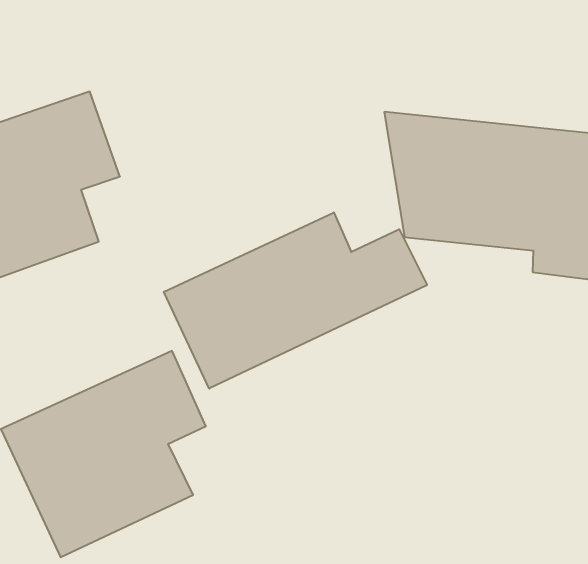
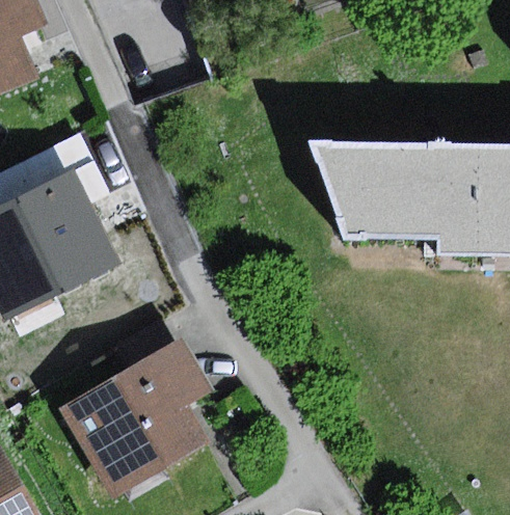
building: [164,212,427,389] -> none

